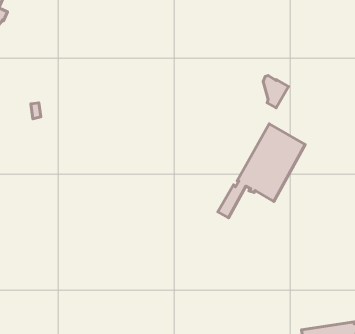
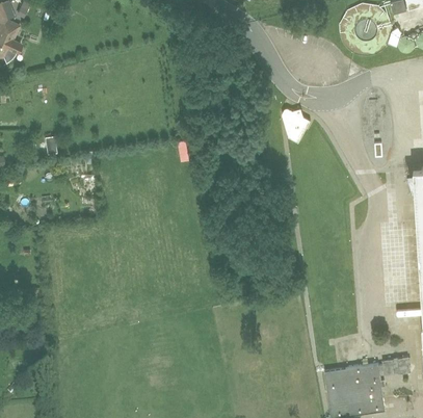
building: [218,124,305,218] -> none

